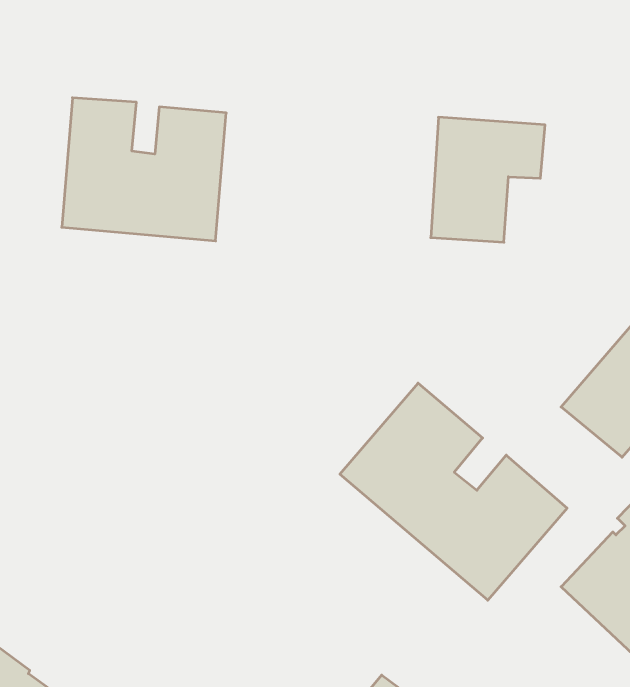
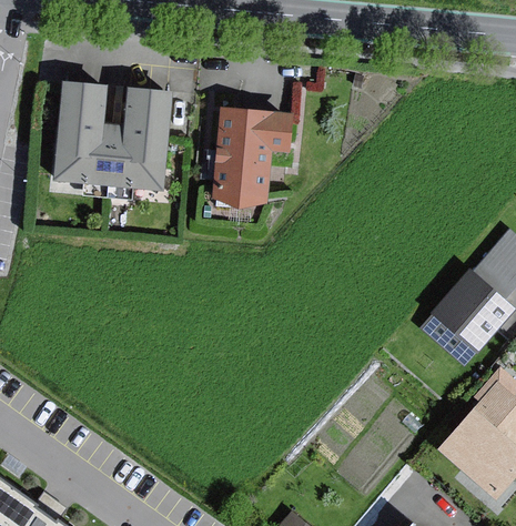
building: [431,117,545,242] -> [219,115,302,206]
building: [340,383,567,600] -> none

